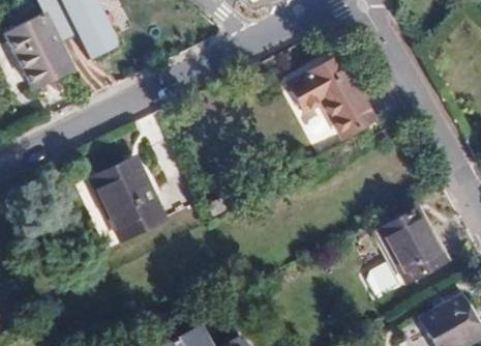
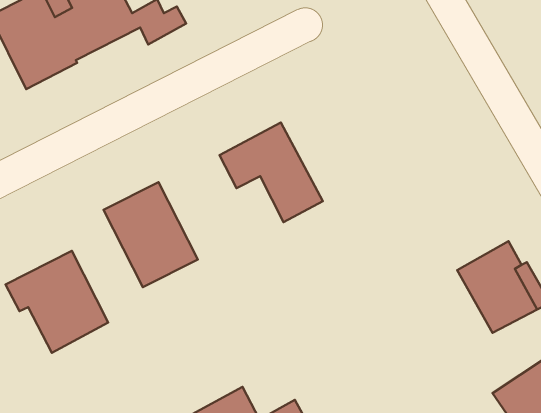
building: [292,61,373,140] -> [219,122,323,222]
building: none -> [6,251,108,353]

